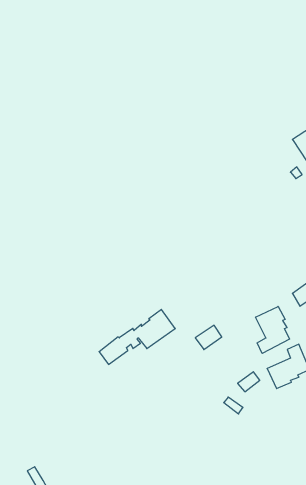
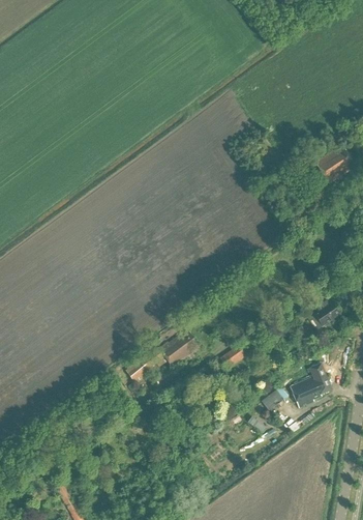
building: [256,306,290,353] -> none

